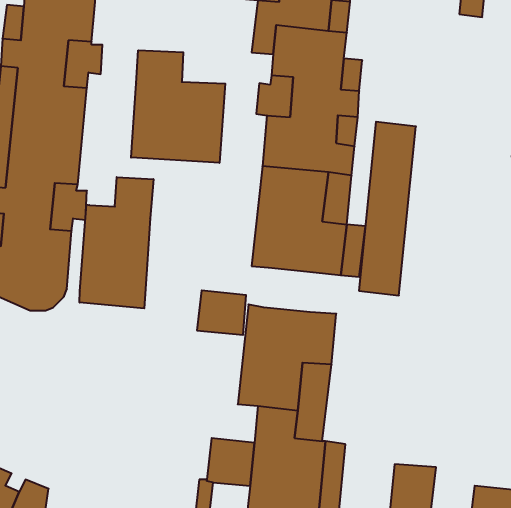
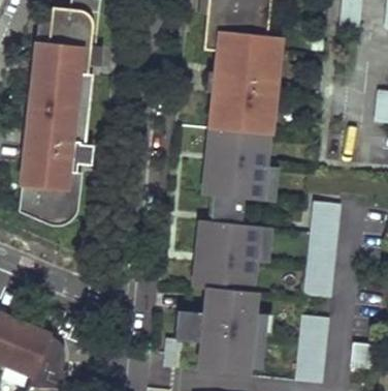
building: [131,50,225,163] -> none
building: [359,122,416,295] -> [301,200,340,317]
building: [80,177,153,308] -> none
building: [197,290,246,335] -> [212,194,245,224]

